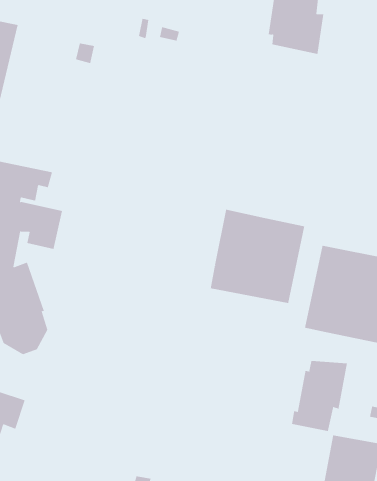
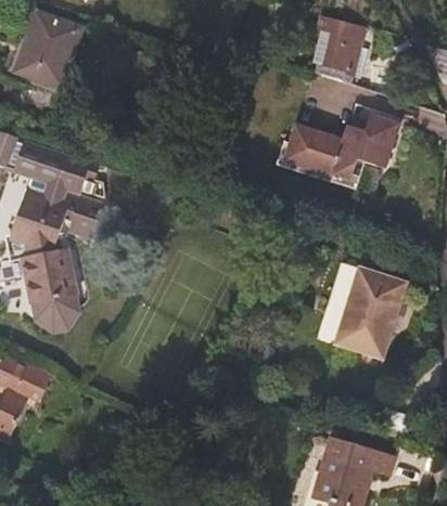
building: none -> [277,114,398,189]
building: [210,209,305,304] -> none
building: [291,360,348,432] -> none

